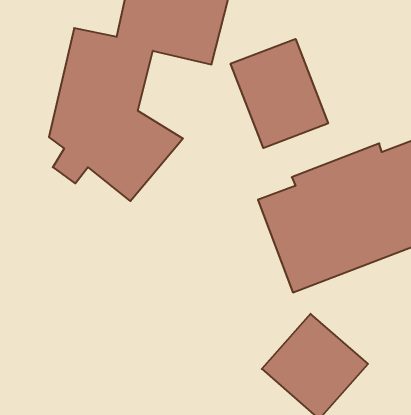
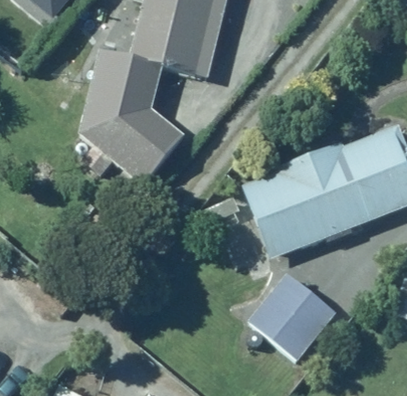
building: [231,39,328,148] -> none

